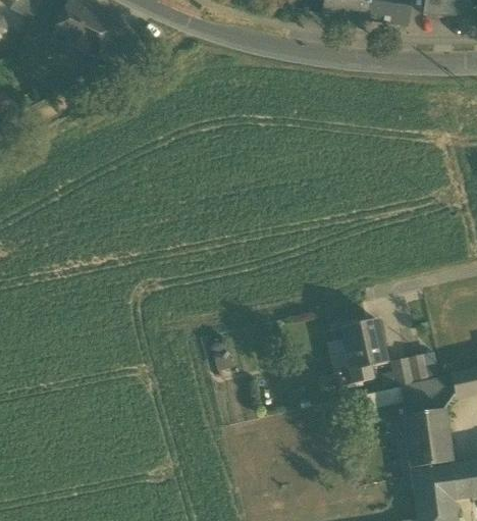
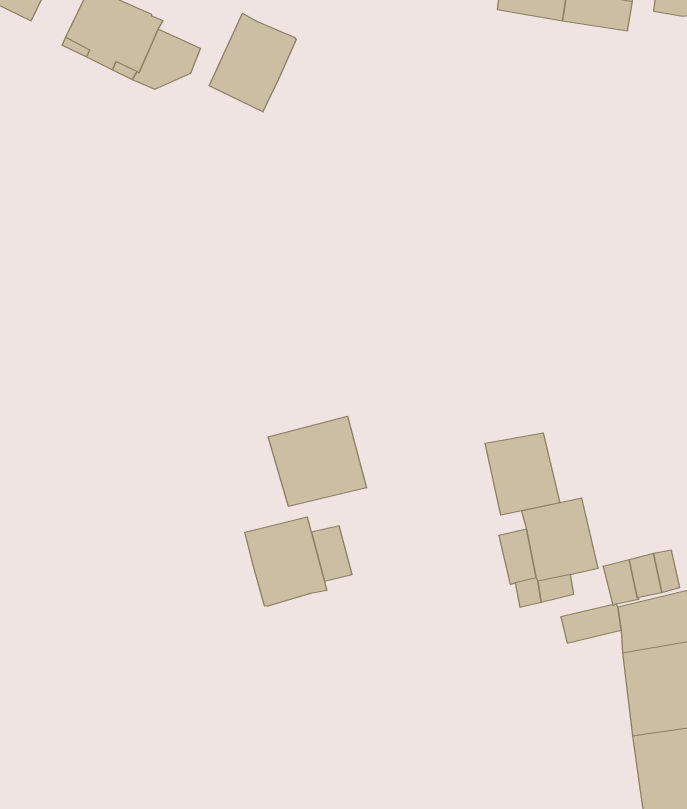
building: none -> [209,13,296,112]
building: none -> [268,416,367,506]
building: none -> [485,433,560,515]
building: none -> [245,517,327,606]

